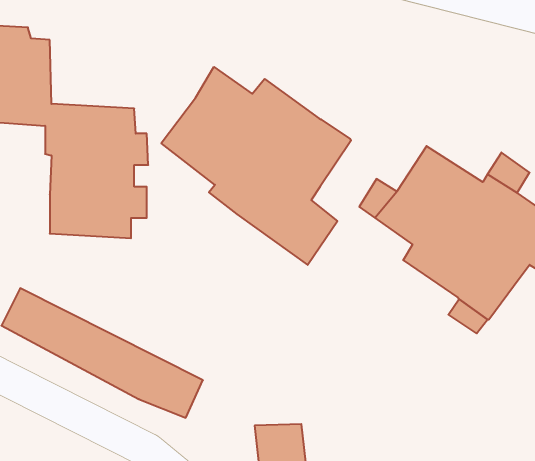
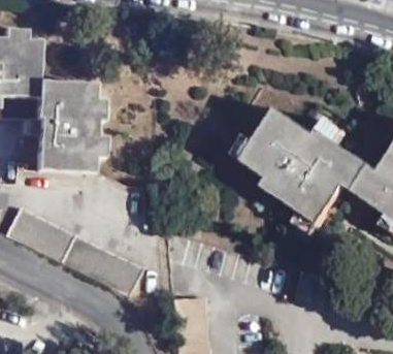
building: [161,67,351,265] -> none

